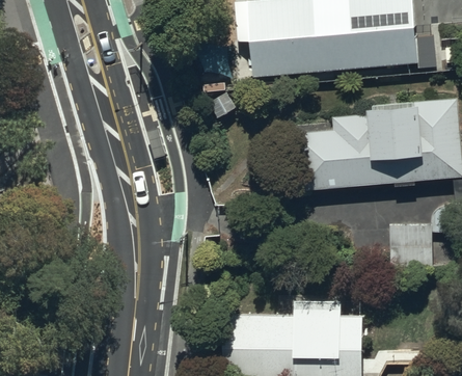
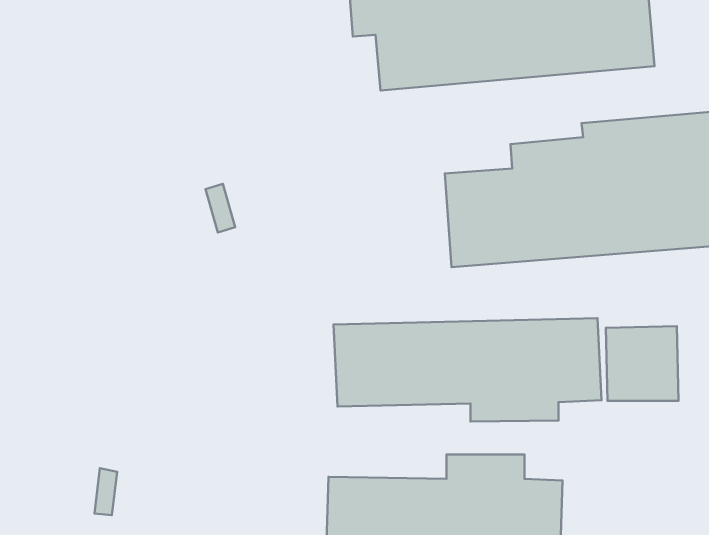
building: none -> [334,318,602,422]

